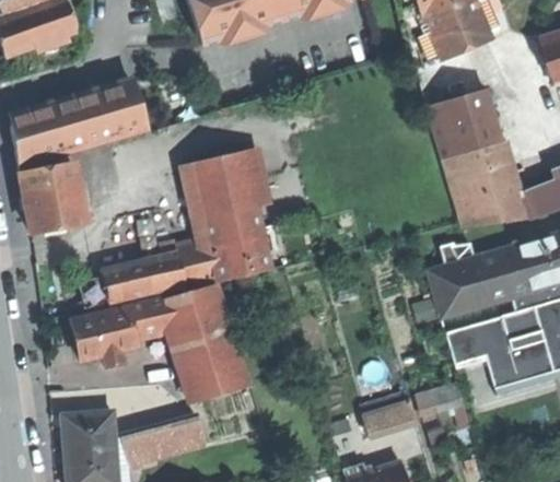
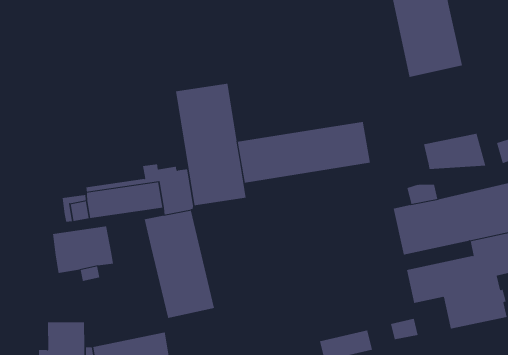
building: [10,78,151,167] -> none
building: [435,116,511,201] -> none
building: [22,164,86,234] -> none
building: none -> [237,121,370,183]
building: [129,299,176,338] -> none

